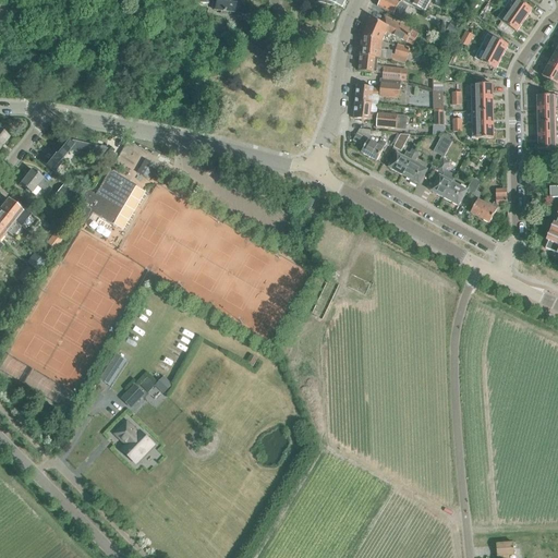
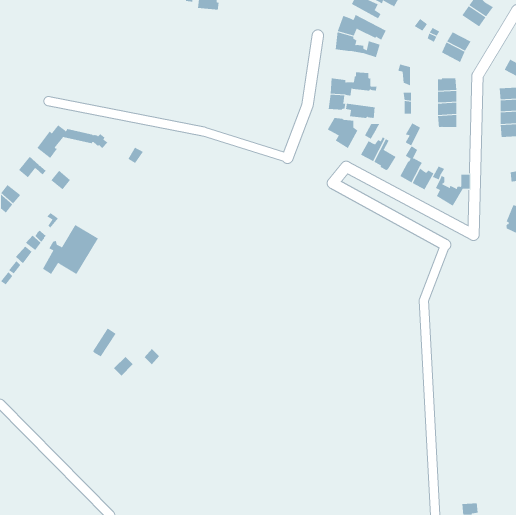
building: [360,53,401,78] -> none
building: [76,169,137,223] -> [42,224,99,275]
building: [117,421,154,460] -> none

